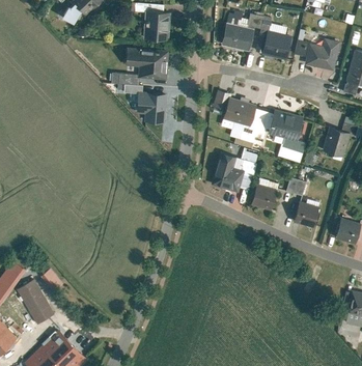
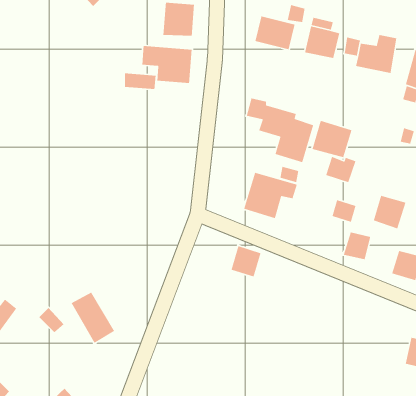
building: [138,91,167,122] -> none
building: [324,128,352,157] -> [373,195,406,229]
building: [251,184,277,210] -> [231,245,262,278]
building: [18,279,55,322] -> [71,292,115,344]

